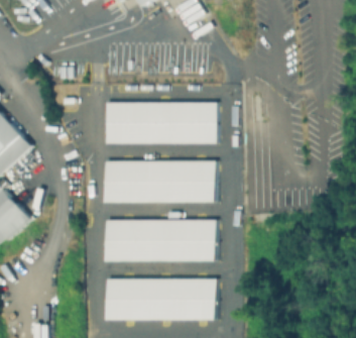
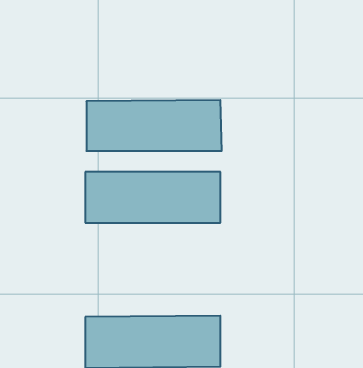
building: [105,219,215,260] -> none

